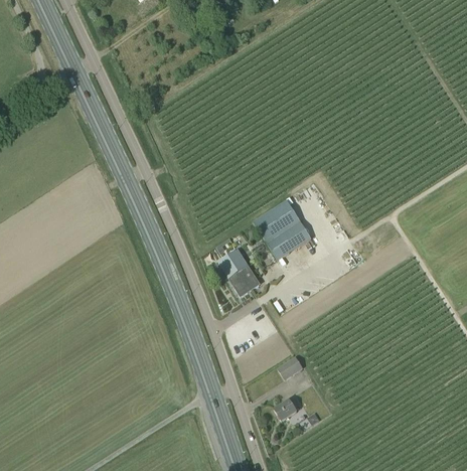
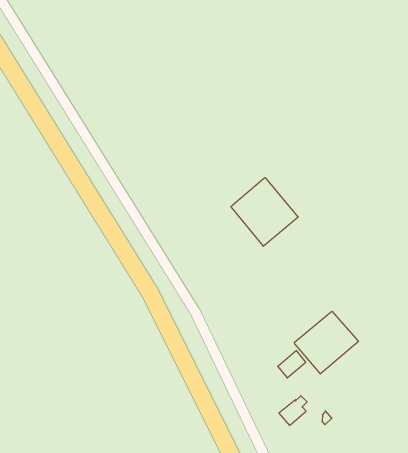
building: [222,249,260,296] -> none
building: none -> [294,311,358,374]

